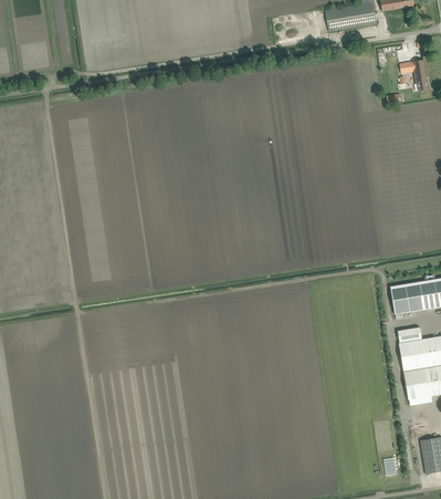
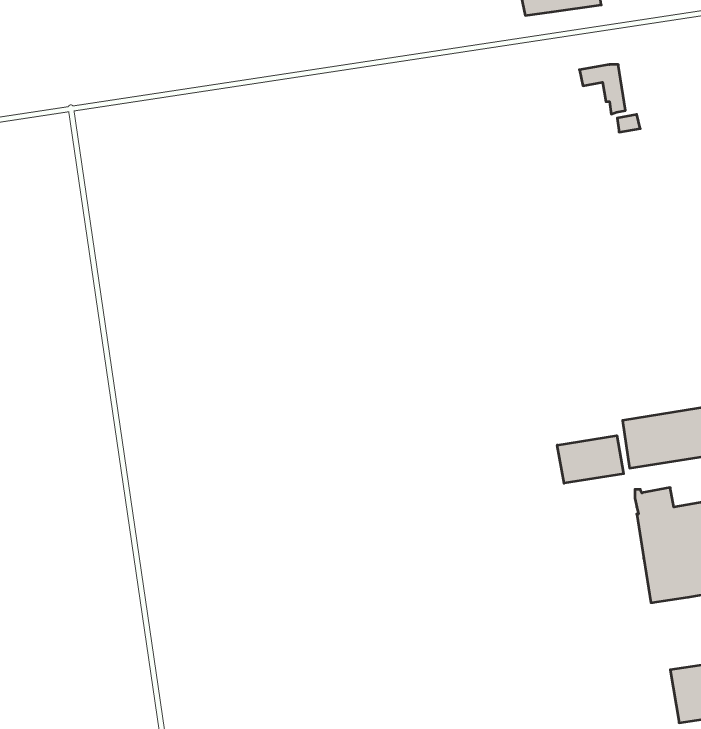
building: [399,60,428,91] -> [579,65,625,114]
building: none -> [557,436,624,483]

